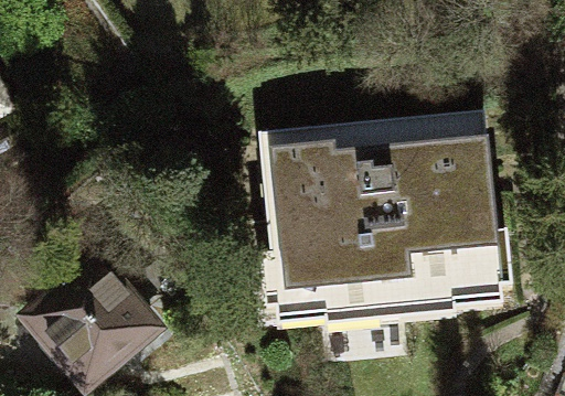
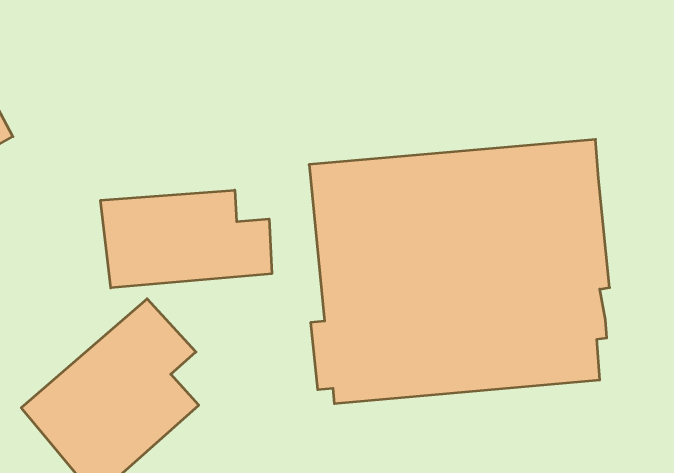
building: none -> [101,190,272,288]

